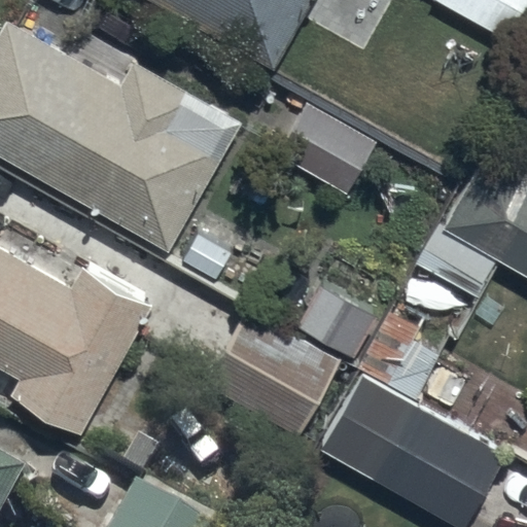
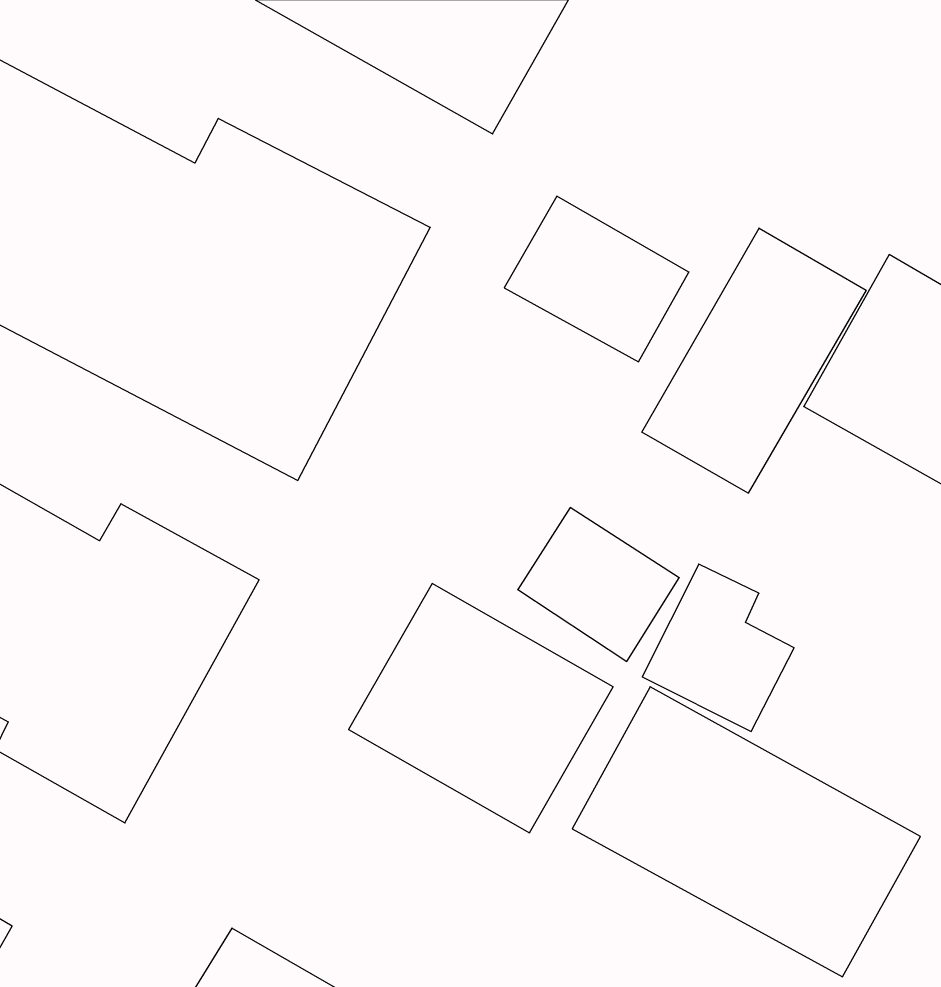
building: none -> [642,228,866,493]

